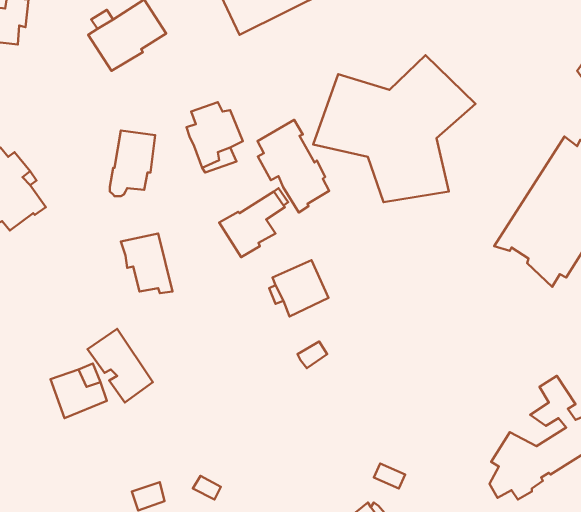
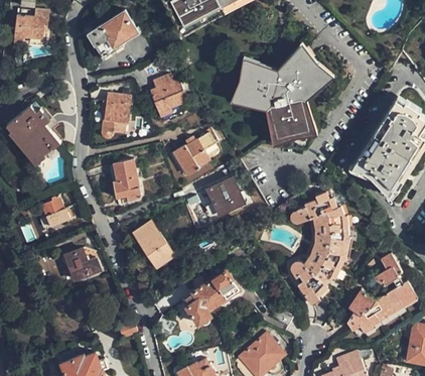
building: [257,120,329,212] -> none
building: none -> [291,191,355,304]
building: none -> [40,196,69,228]
building: [87,329,153,402] -> [131,221,173,268]
building: none -> [184,272,238,329]

